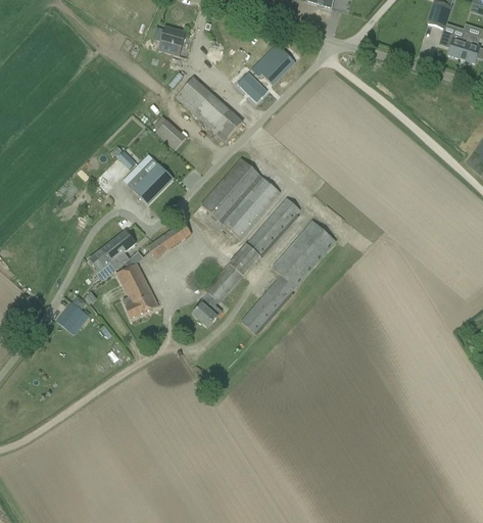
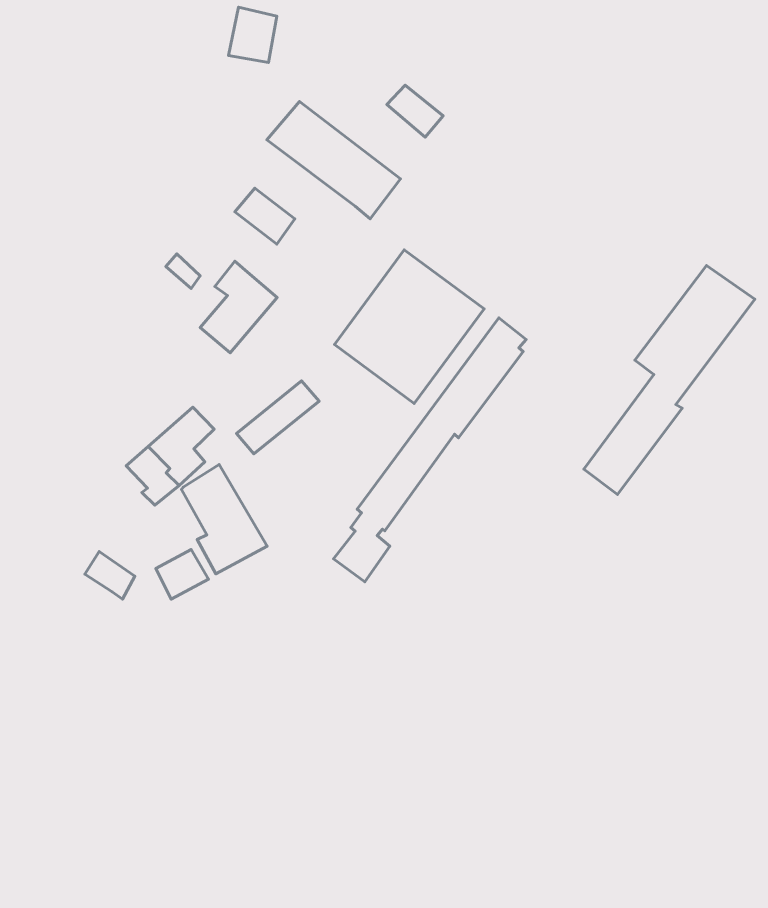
building: [250,42,295,84] -> none
building: [241,220,336,334] -> [584,265,755,494]
building: none -> [156,550,208,599]

